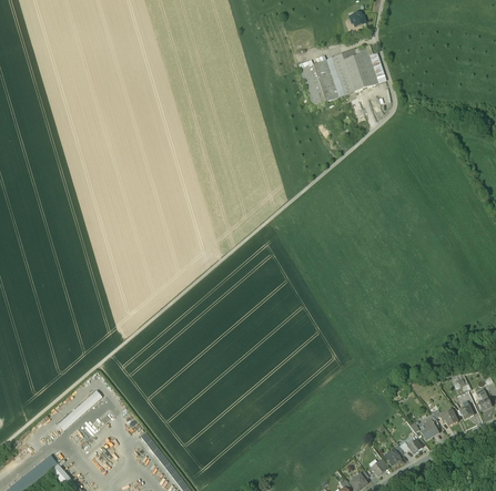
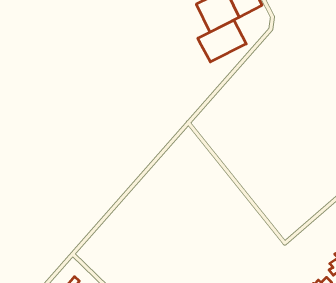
building: none -> [198,20,246,62]

